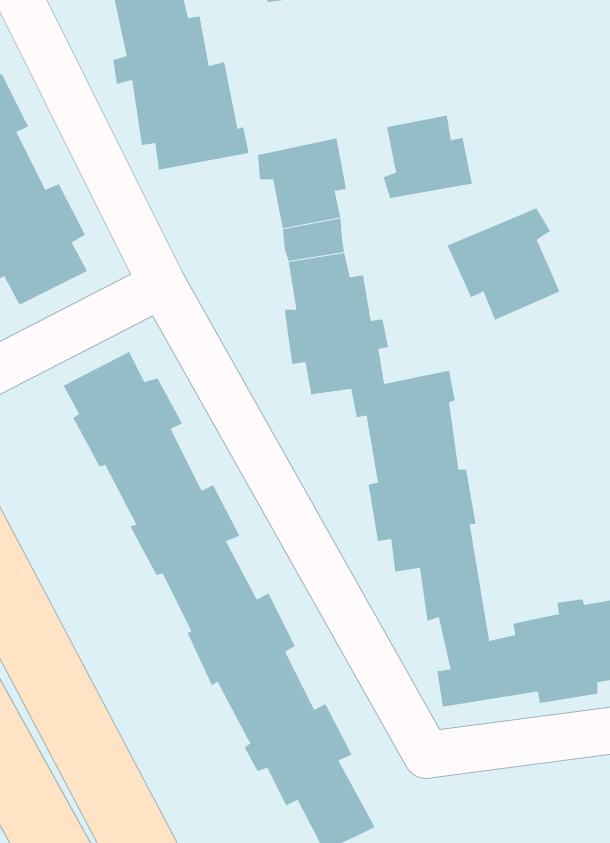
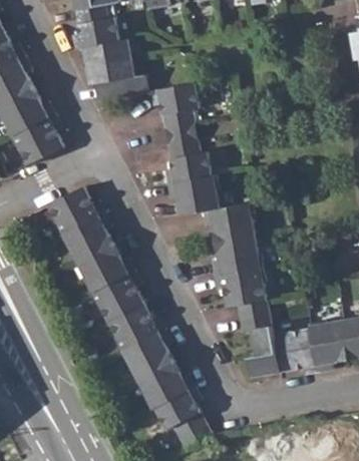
building: [383,115,472,199] -> none
building: [447,208,560,320] -> none

